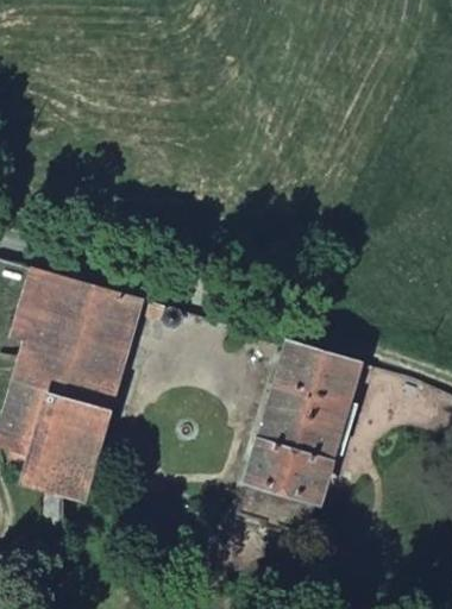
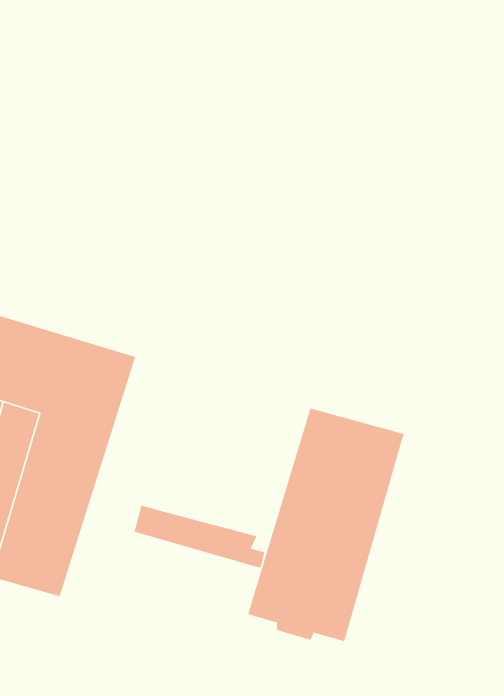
building: none -> [133,504,265,569]

